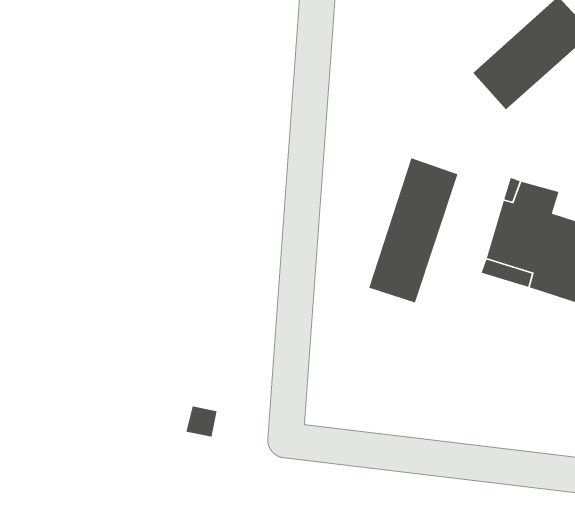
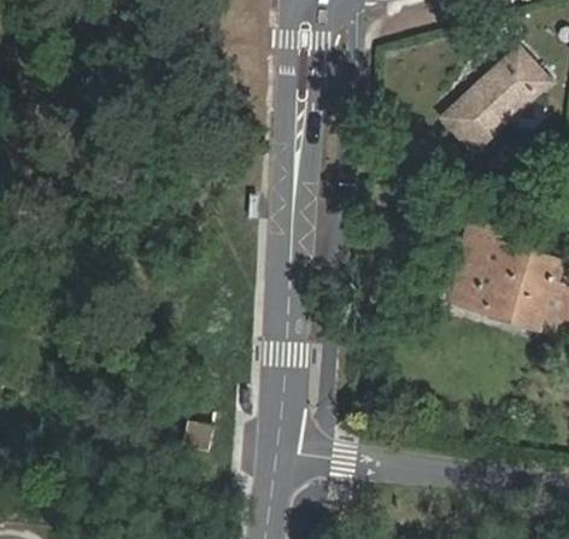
building: [368,157,459,303] -> none

